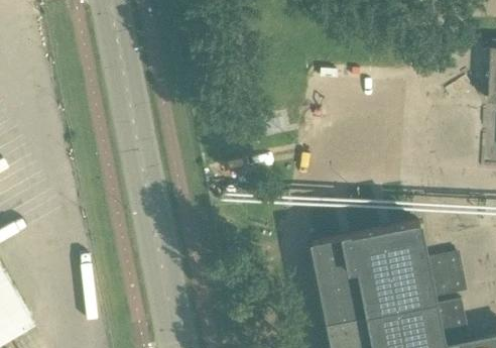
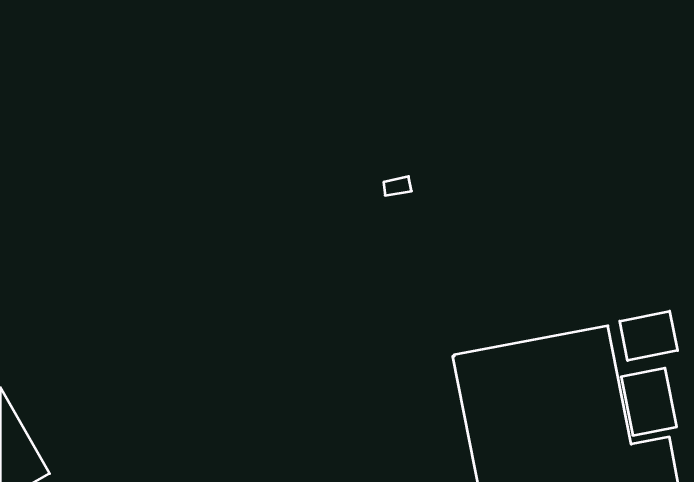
building: none -> [620,311,678,361]

